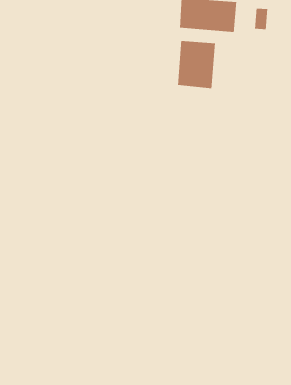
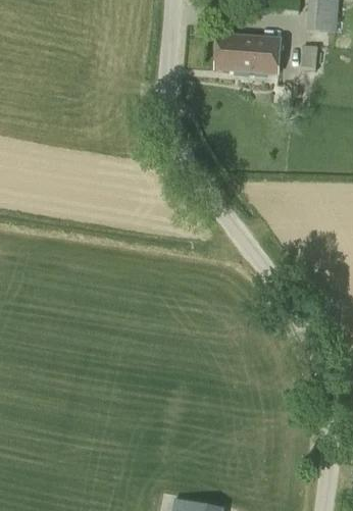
building: [177,40,216,89] -> none

